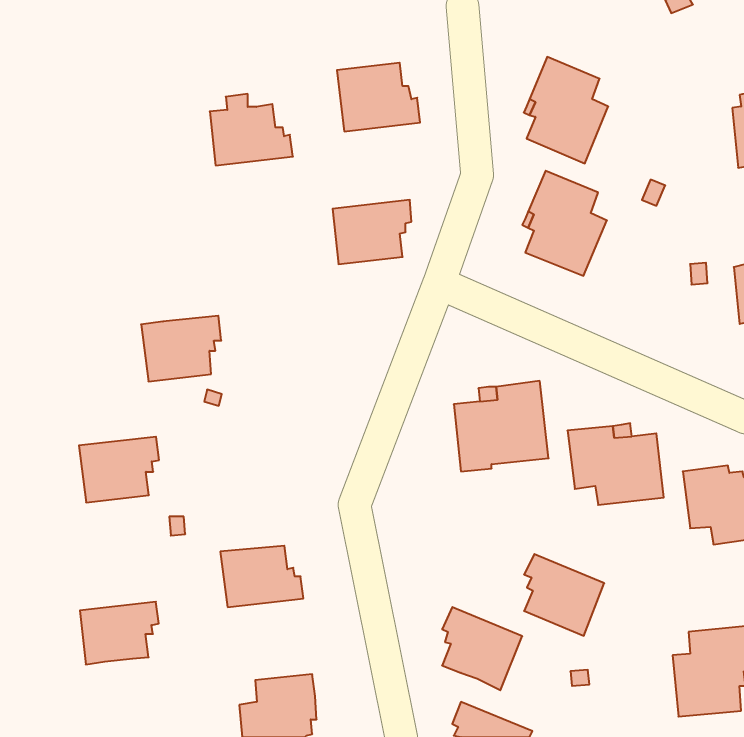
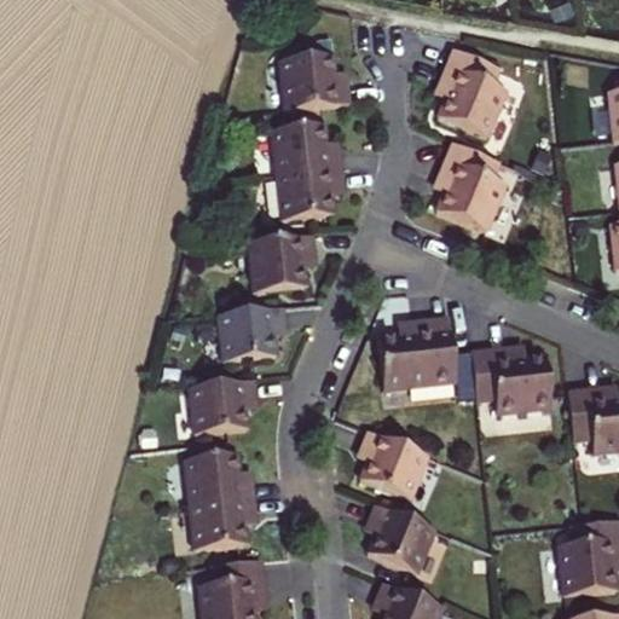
building: [210,94,293,165] -> [272,114,341,173]
building: none -> [248,233,313,290]
building: [141,316,221,381] -> [216,306,283,360]
building: [79,437,159,502] -> [189,378,255,433]
building: [524,554,604,636] -> [360,430,427,498]
building: [80,602,159,664] -> [190,496,255,548]

